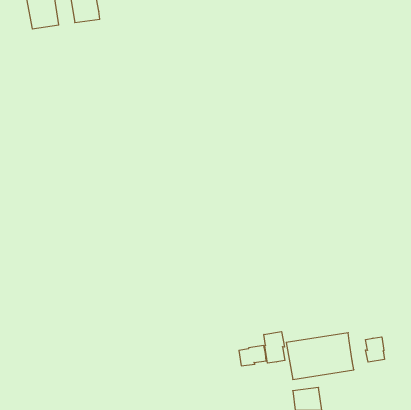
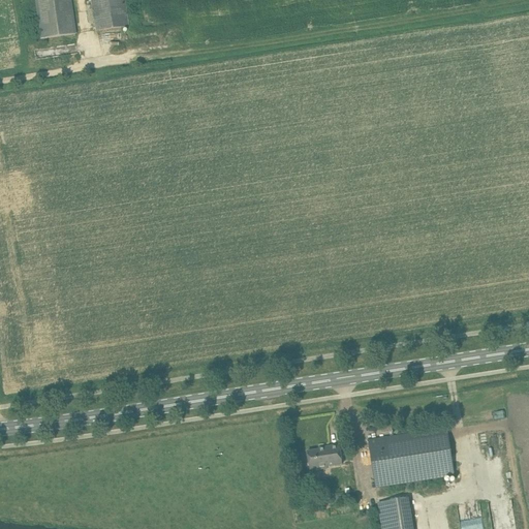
building: [264,332,285,363] -> none
building: [366,337,384,362] -> none

